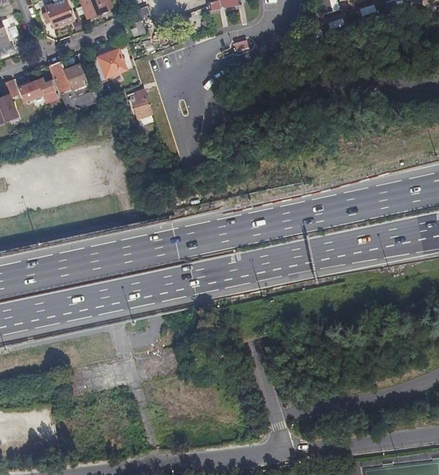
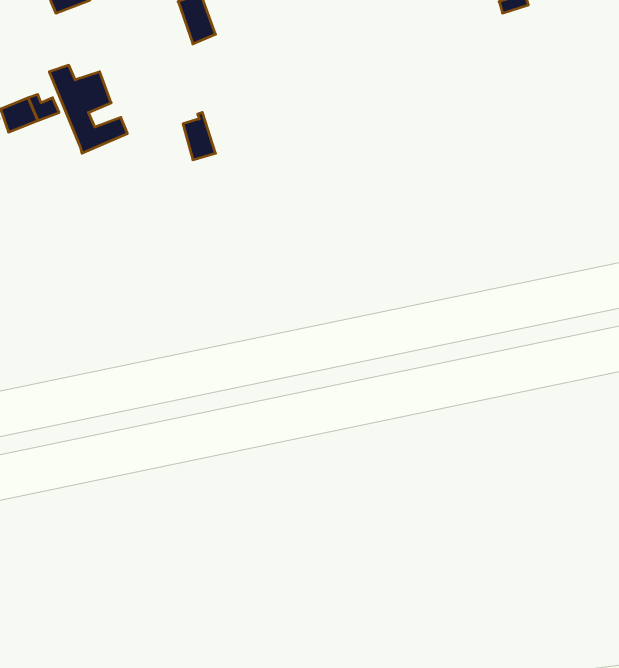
building: [89,48,126,82] -> none

